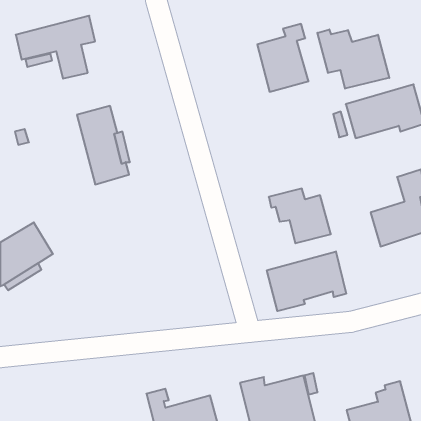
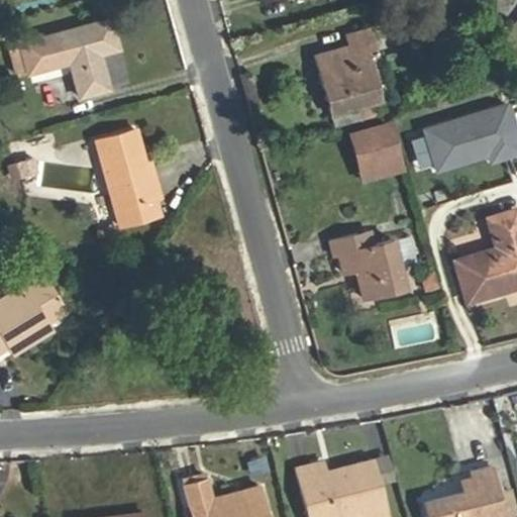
building: [317,29,389,89] -> none
building: none -> [355,124,406,178]
building: [267,251,346,311] -> none

